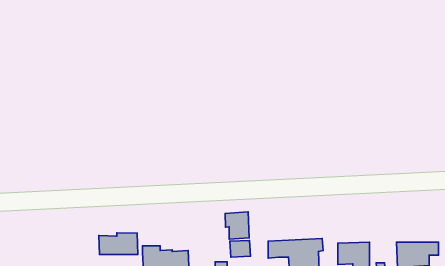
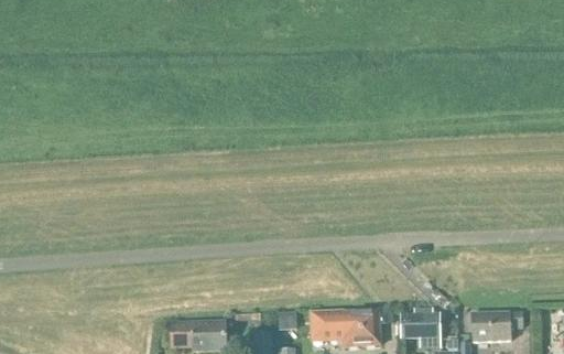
building: [225,212,249,239] -> none
building: [99,233,138,255] -> none

